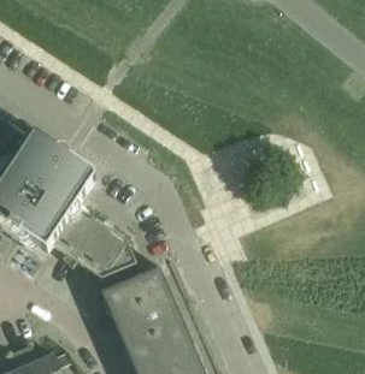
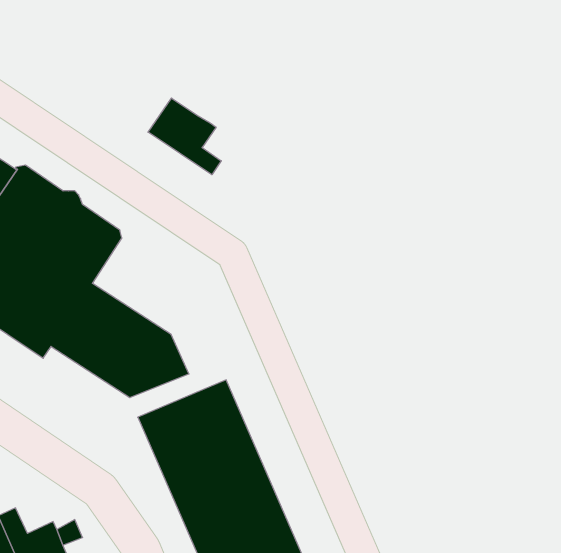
building: none -> [148,98,221,175]

